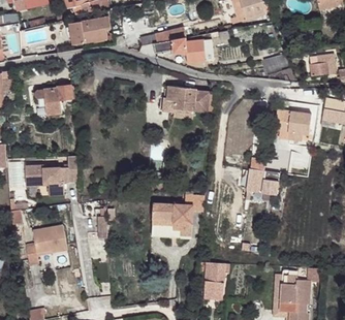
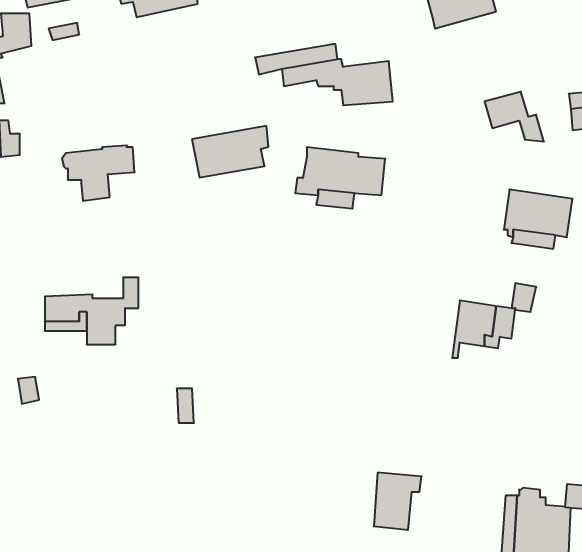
building: [68,17,109,44] -> [192,126,268,178]
building: [151,194,205,237] -> none
building: [26,225,67,264] -> none

